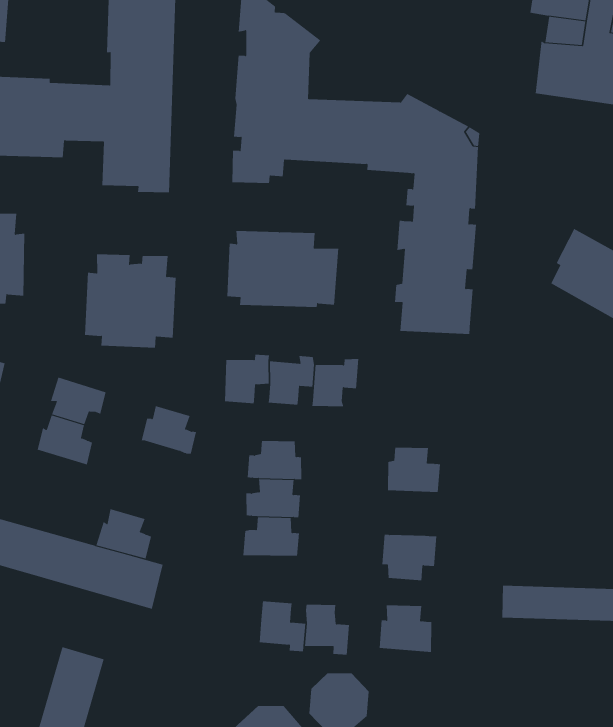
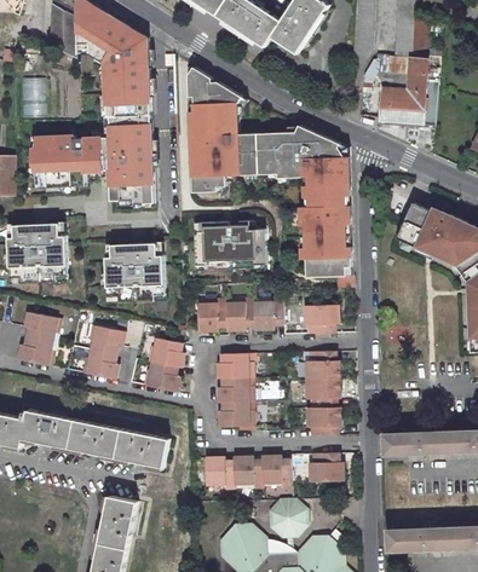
building: none -> [304,306,338,335]
building: none -> [306,379,339,408]
building: [96,508,152,559] -> [143,360,178,391]
building: none -> [205,456,232,487]

